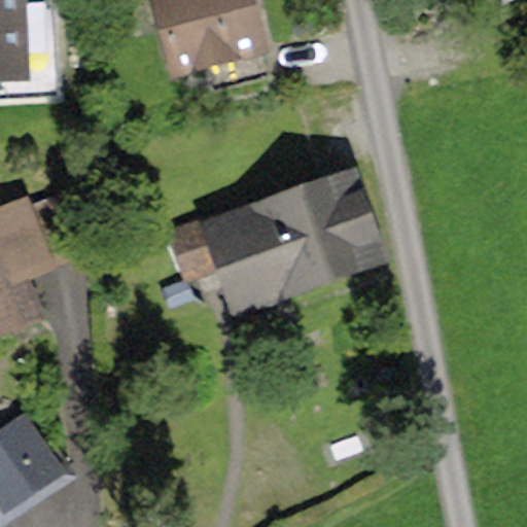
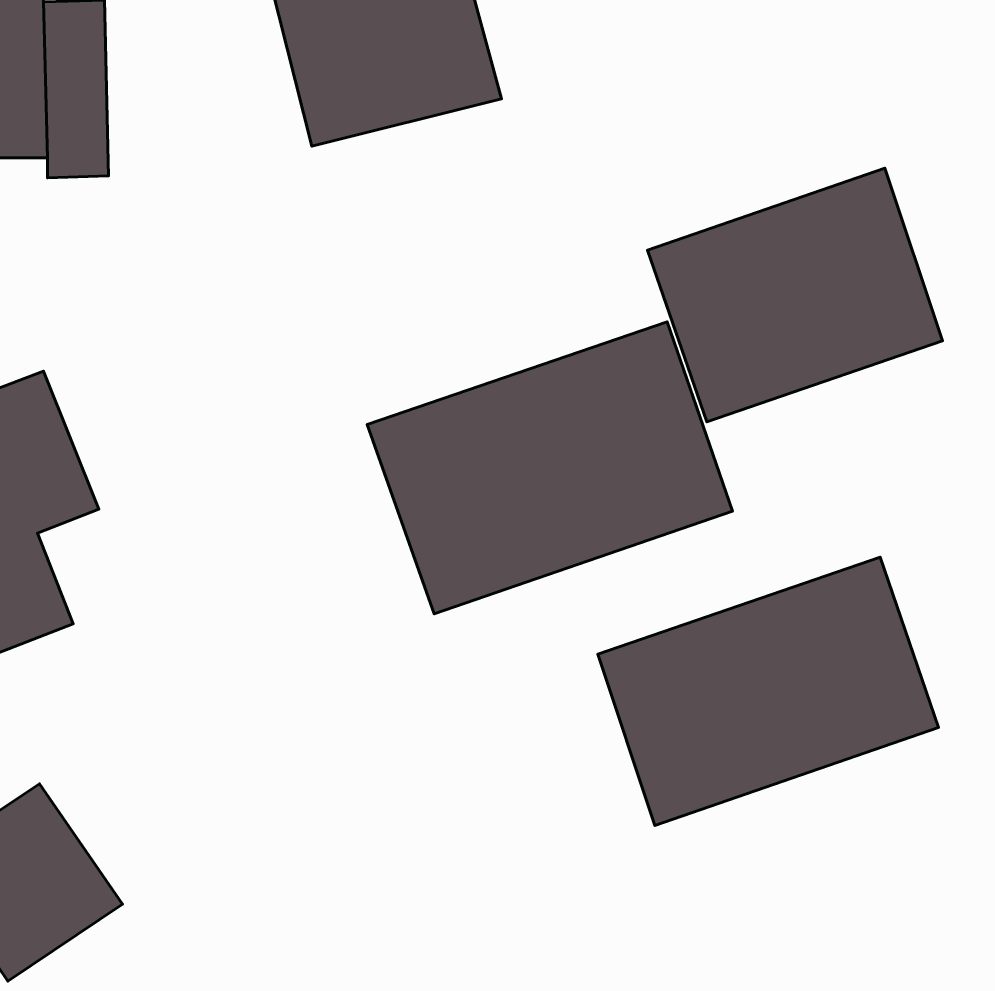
building: none -> [648,168,943,422]
building: none -> [598,557,939,826]

